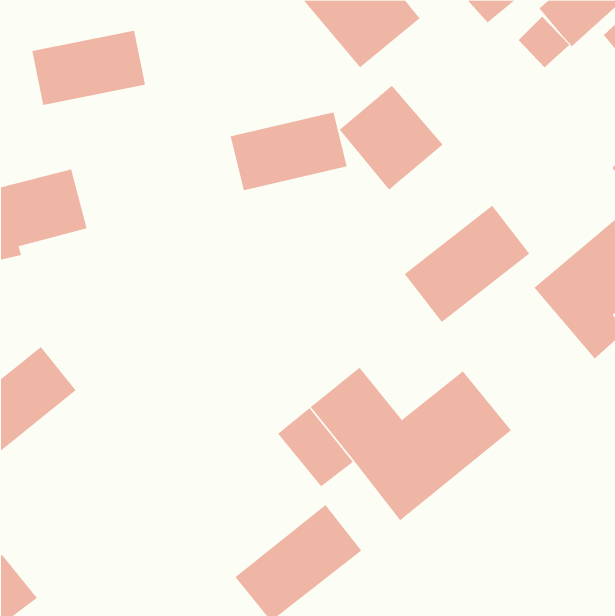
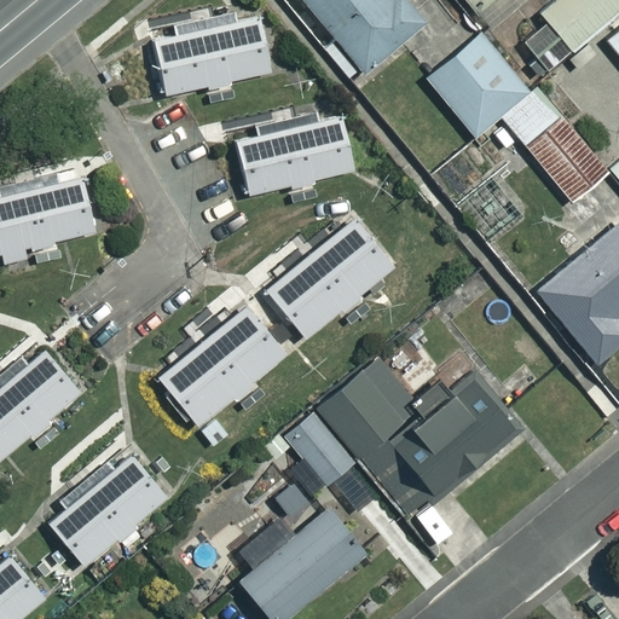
building: [32,30,146,106] -> [154,19,267,94]
building: [339,85,443,191] -> [427,33,531,138]
building: none -> [507,91,612,204]
building: [404,205,530,323] -> [266,220,392,337]
building: none -> [158,303,285,426]
building: none -> [48,453,168,566]

